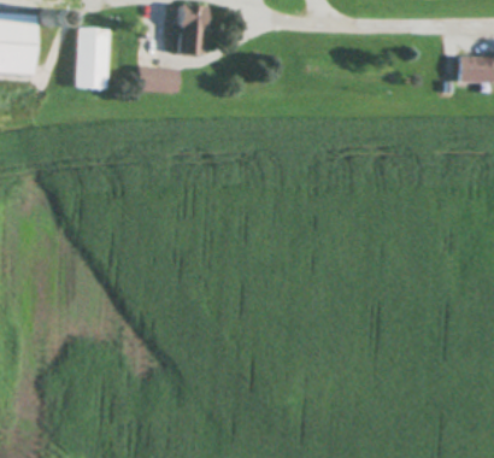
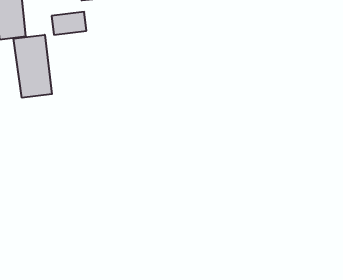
building: none -> [14,35,52,98]

